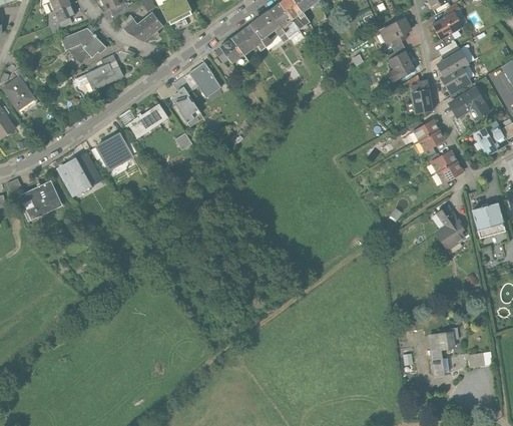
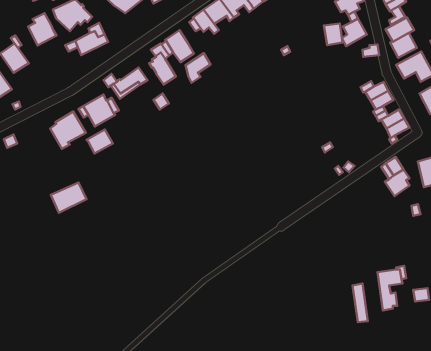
building: none -> [28,13,56,45]
building: none -> [186,53,211,83]
building: [411,89,432,113] -> [324,24,342,45]
building: none -> [87,130,113,154]
building: [21,183,61,218] -> [51,182,86,213]

